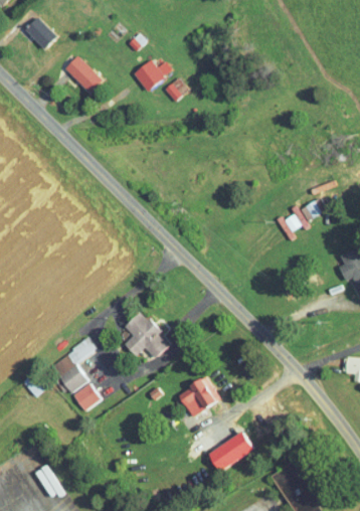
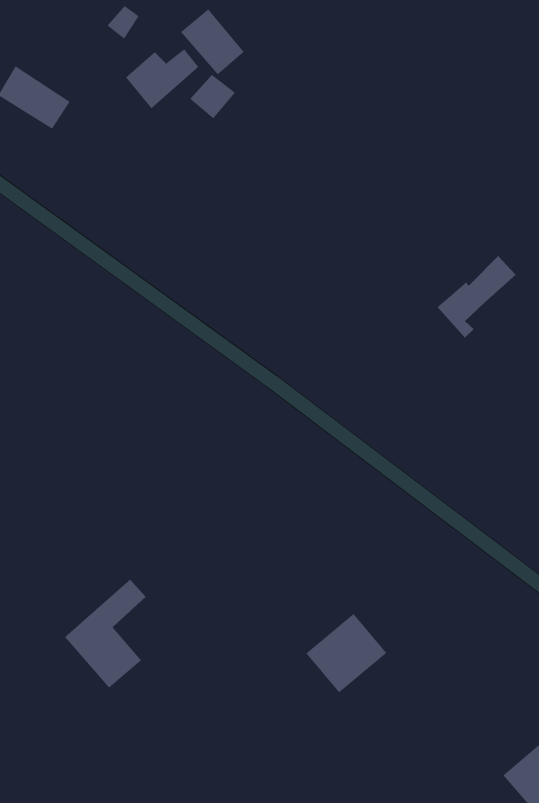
building: none -> [180,9,244,75]
building: [123,311,169,359] -> none
building: [73,383,103,411] -> none
building: [206,432,252,473] -> none

